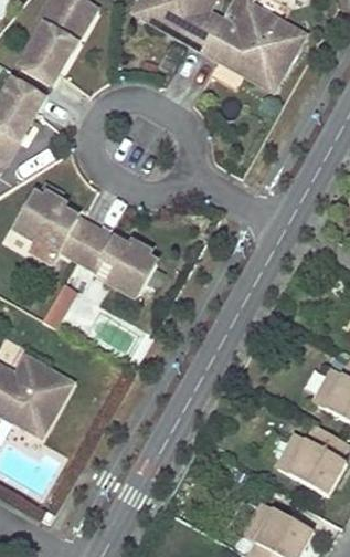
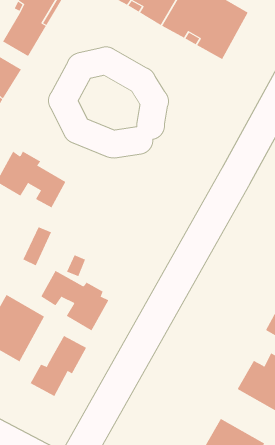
building: [76,230,155,299] -> [40,270,109,331]
building: none -> [30,335,87,397]

